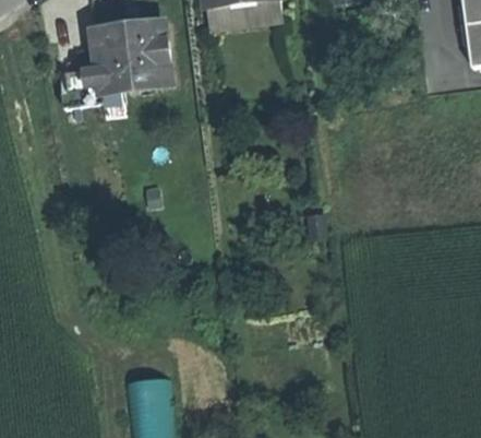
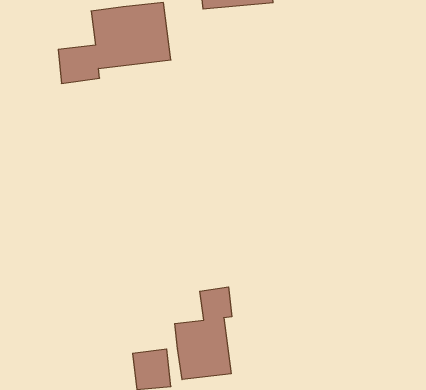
building: none -> [175,287,232,380]

